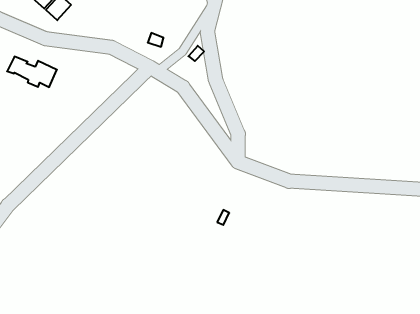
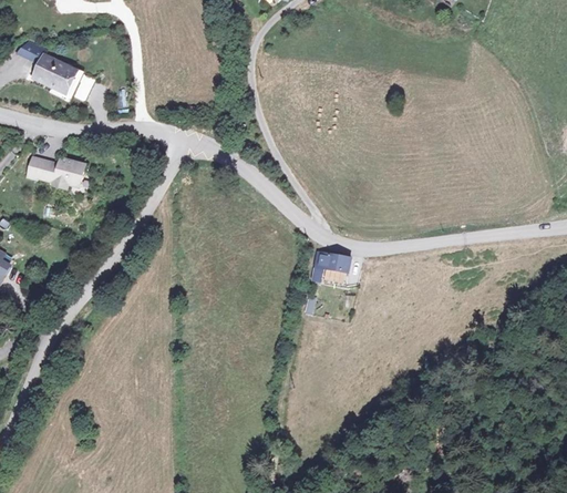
building: none -> [321,248,355,270]

